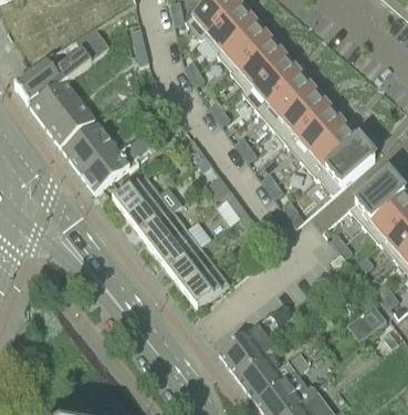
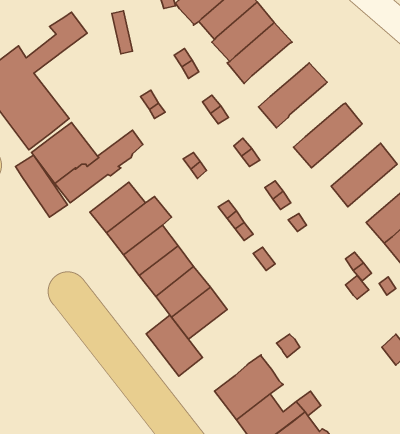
building: [240,53,299,108] -> none
building: [271,87,329,143] -> none
building: [301,123,359,178] -> none
building: none -> [16,155,67,217]
building: none -> [146,315,203,376]

